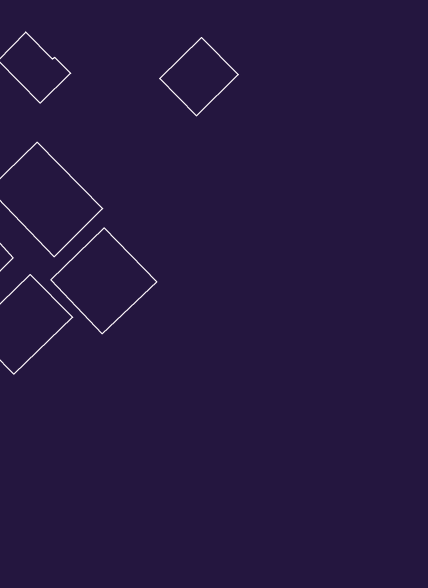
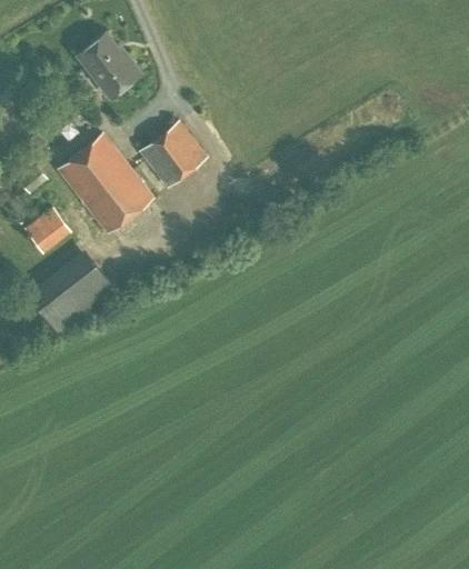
building: [160,38,238,116] -> [139,120,209,189]
building: [51,228,157,334] -> none

